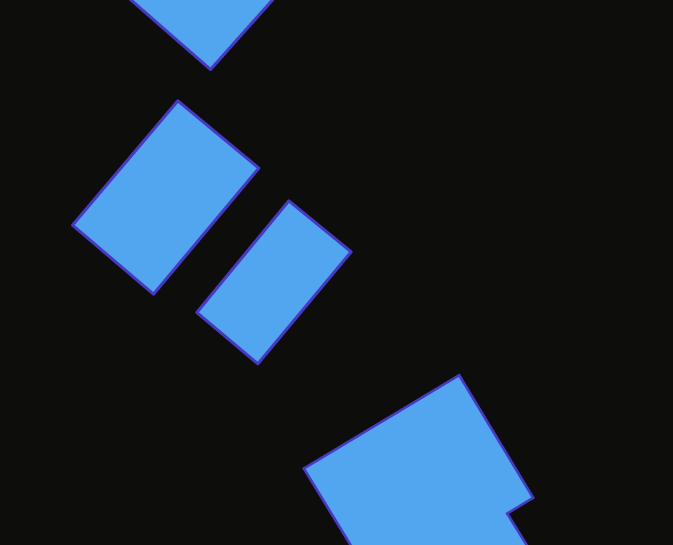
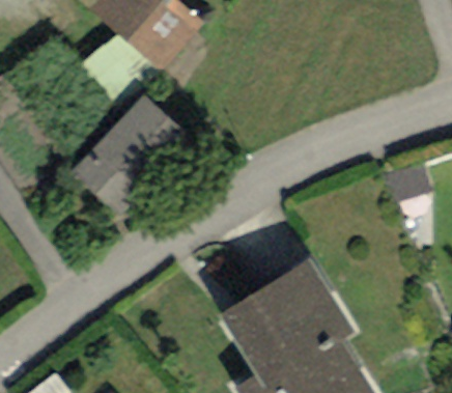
building: [197,201,351,364] -> none

